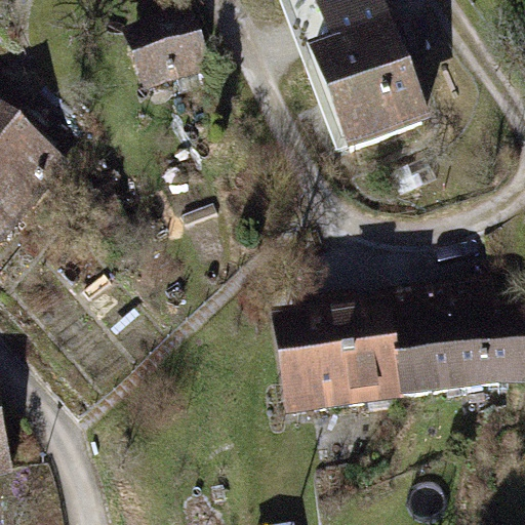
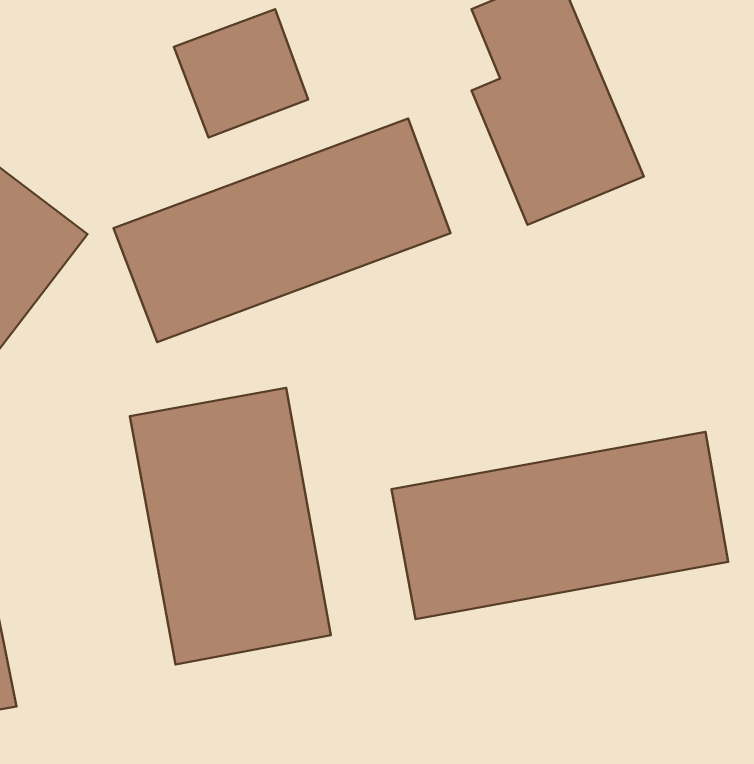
building: none -> [113,118,451,342]
building: none -> [130,388,331,664]

